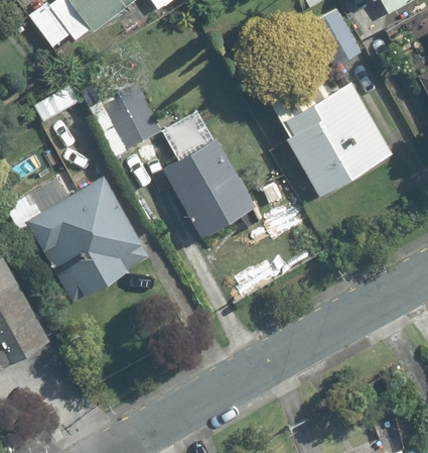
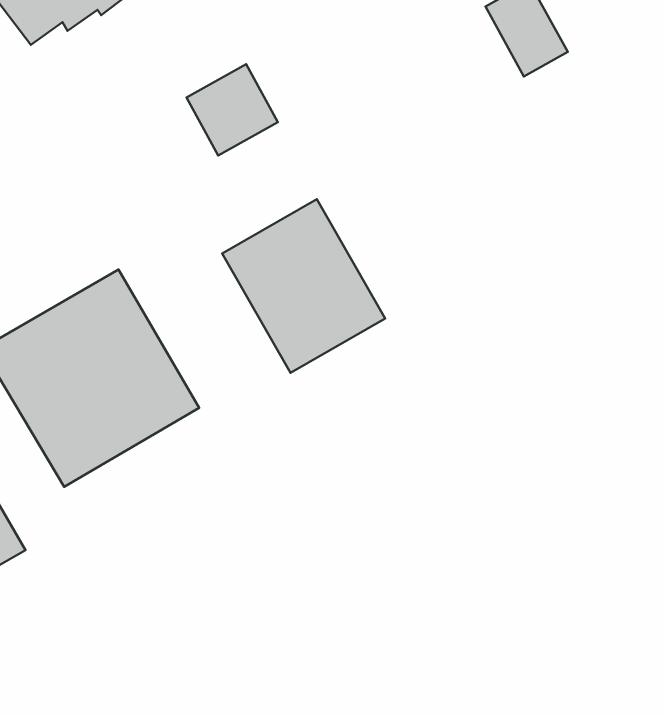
building: [266,71,392,197] -> none
building: [107,98,159,150] -> [187,64,278,155]

